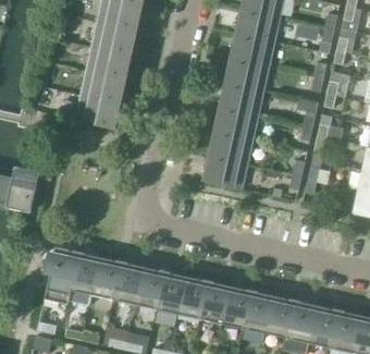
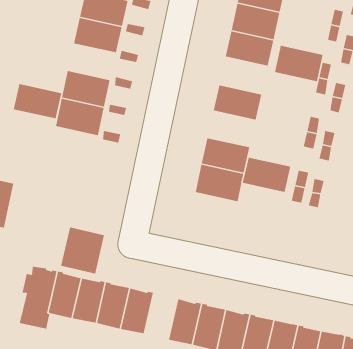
building: [87,46,132,78] -> [13,83,62,119]
building: [224,58,269,91] -> [274,45,324,82]
building: [213,107,258,139] -> [242,157,291,193]
building: none -> [60,226,105,275]
building: [157,271,187,315] -> none

